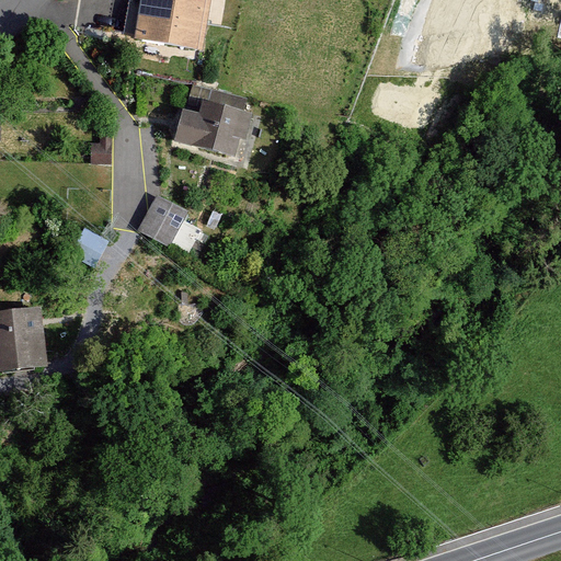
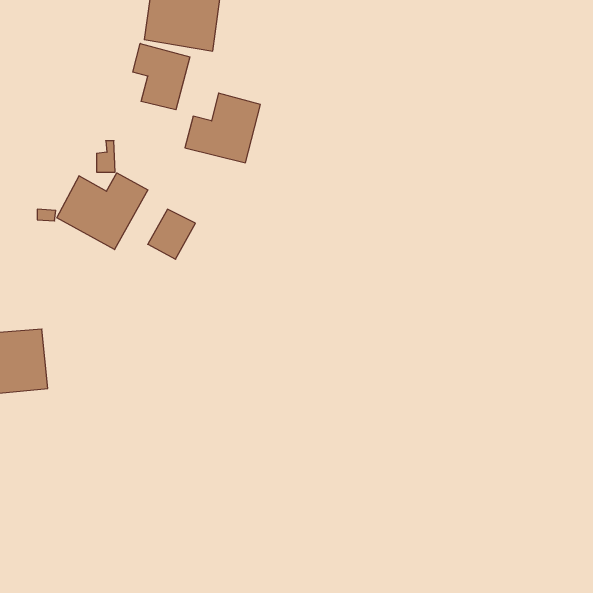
building: none -> [133,43,190,110]
building: none -> [57,173,148,250]

